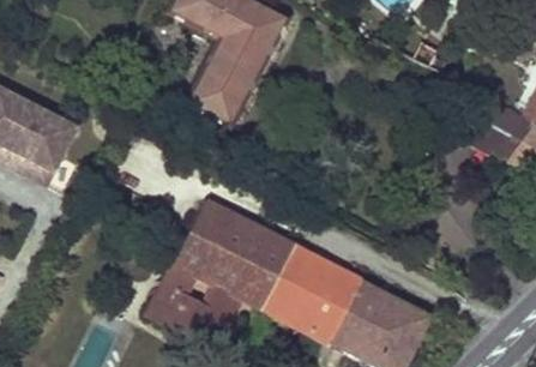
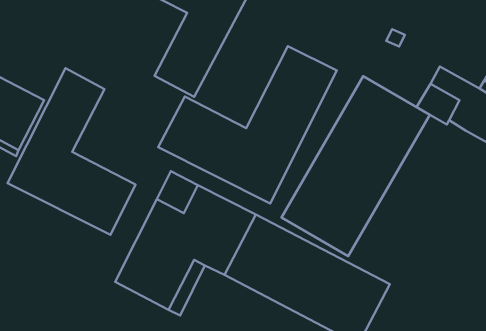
building: none -> [158,46,337,204]
building: none -> [8,68,136,235]
building: none -> [282,76,430,256]

